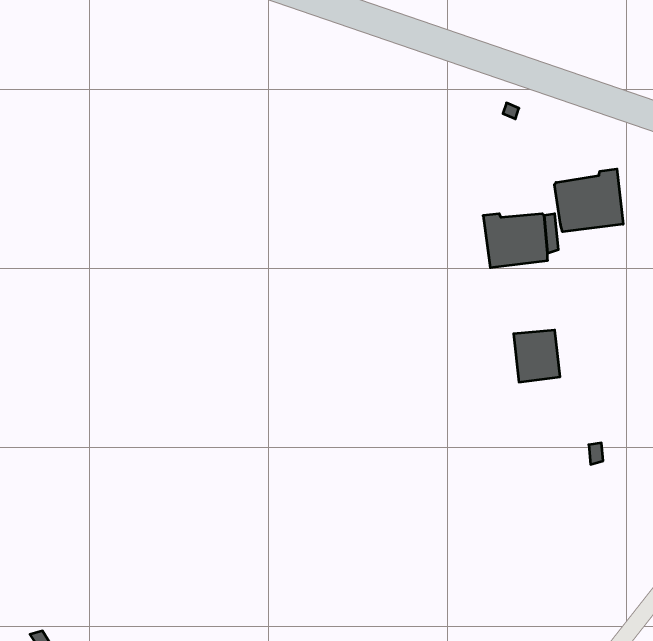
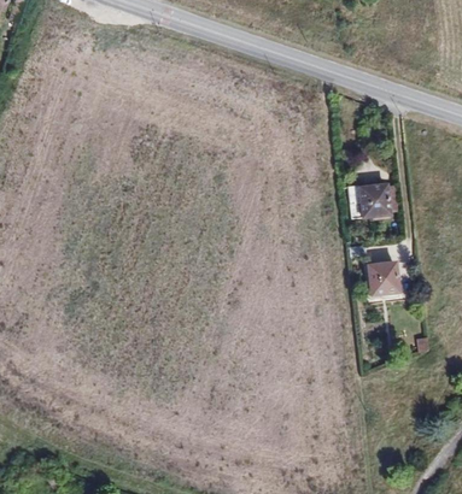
building: [554,169,623,232] -> none

